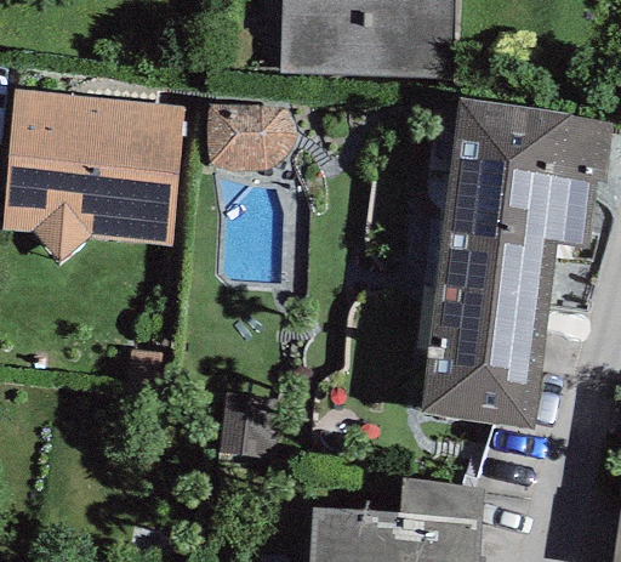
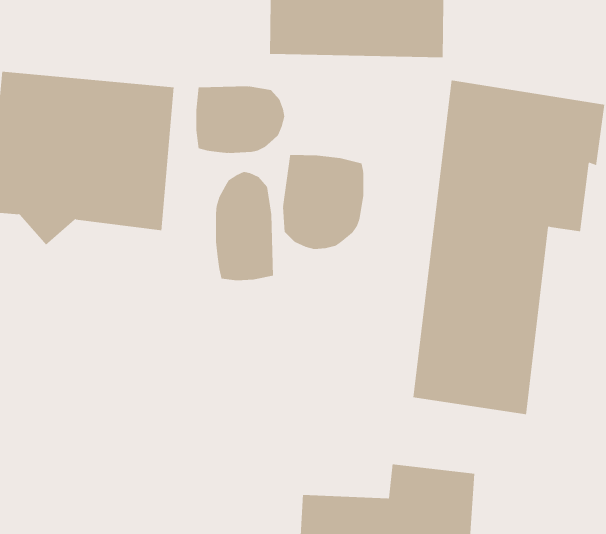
building: none -> [283,154,364,250]
building: none -> [215,171,273,281]

